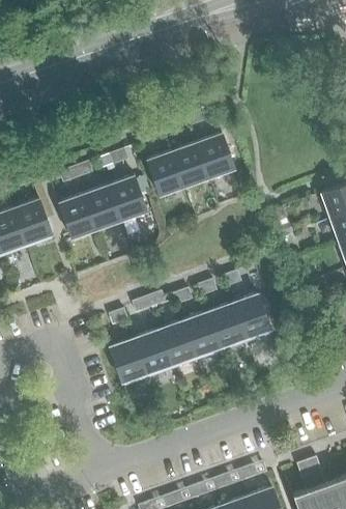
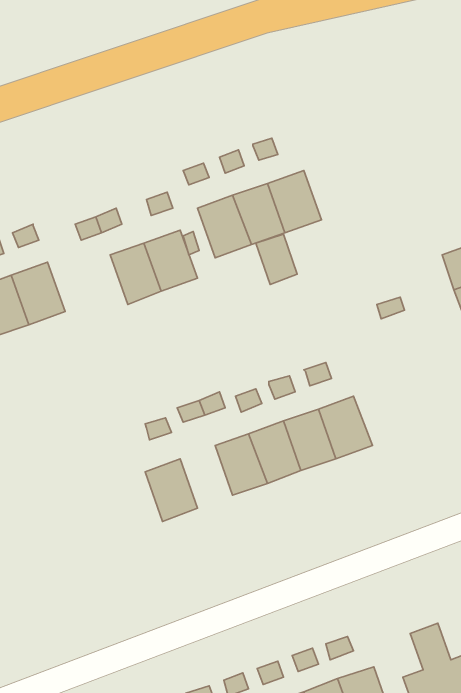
building: none -> [256,234,297,284]
building: [59,194,97,237] -> none
building: [135,330,172,374] -> none

